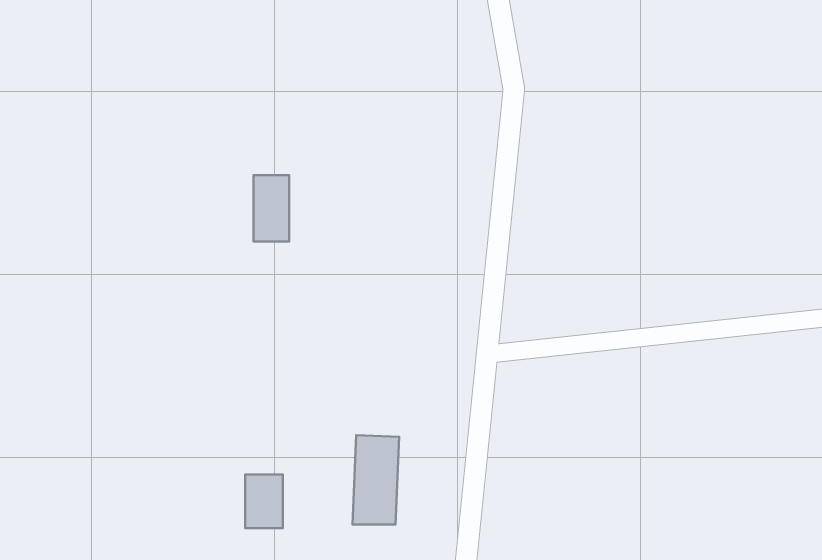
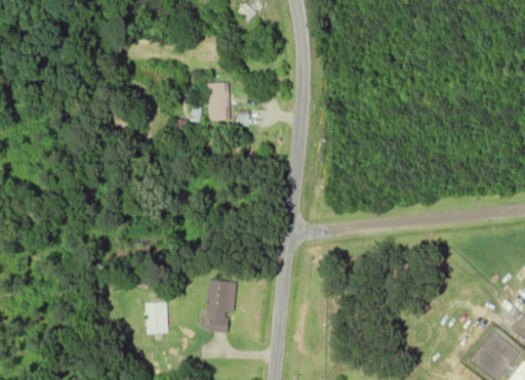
building: [253,175,289,241] -> [206,82,227,120]

